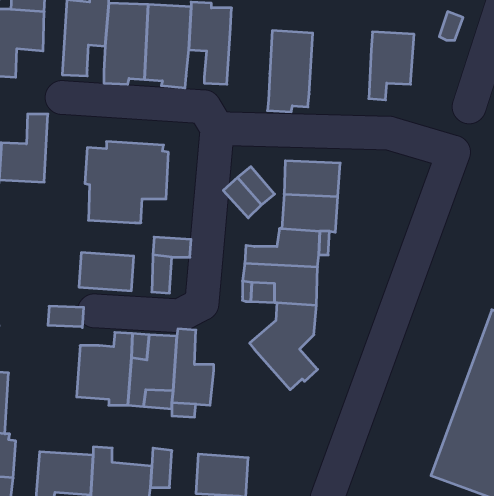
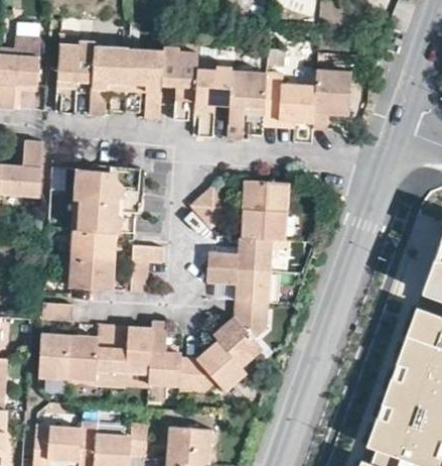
building: none -> [192,65,232,137]
building: none -> [263,72,315,126]
building: none -> [70,229,116,260]
building: none -> [38,334,69,379]
building: none -> [179,339,254,400]

